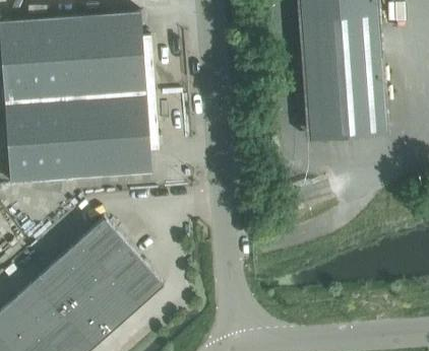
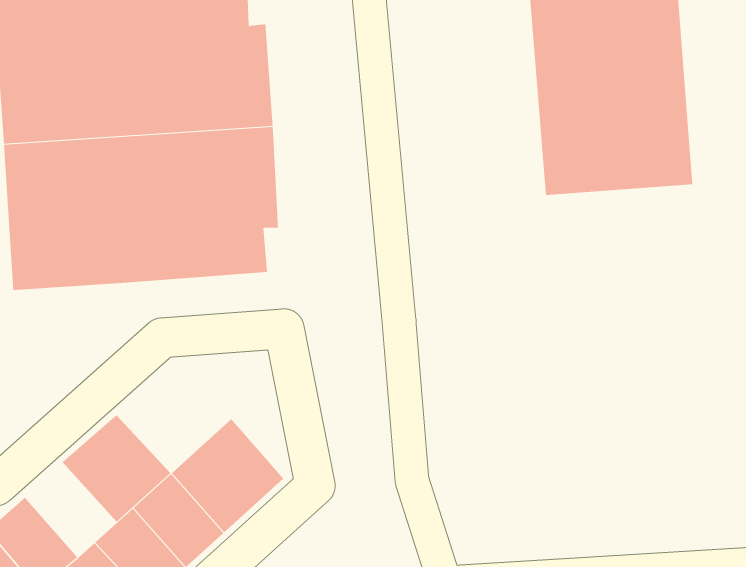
building: [67,221,131,284] -> none
building: [16,278,67,331] -> none

